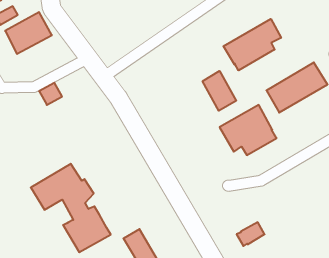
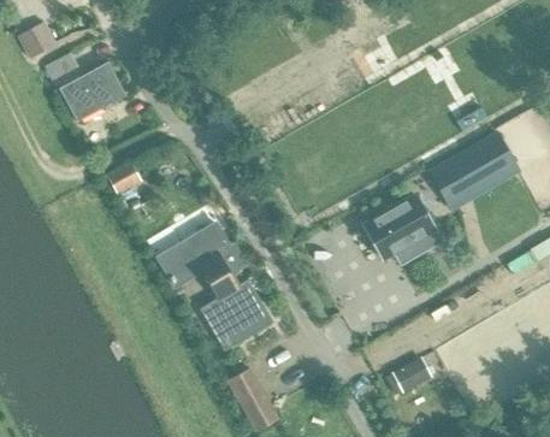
building: [223,19,281,70] -> none
building: [203,71,236,111] -> none
building: [31,164,111,252] -> [156,223,270,348]

